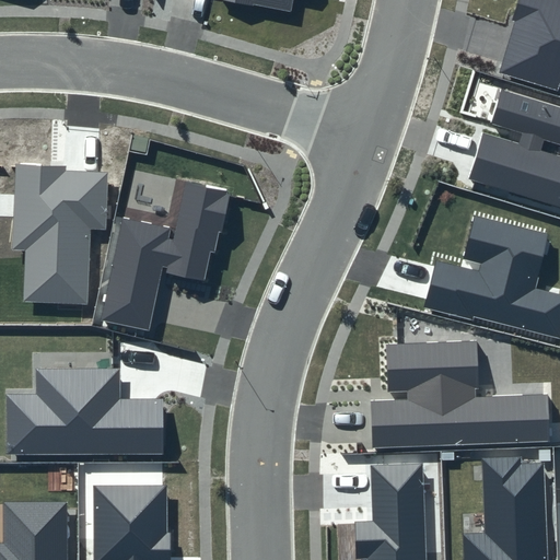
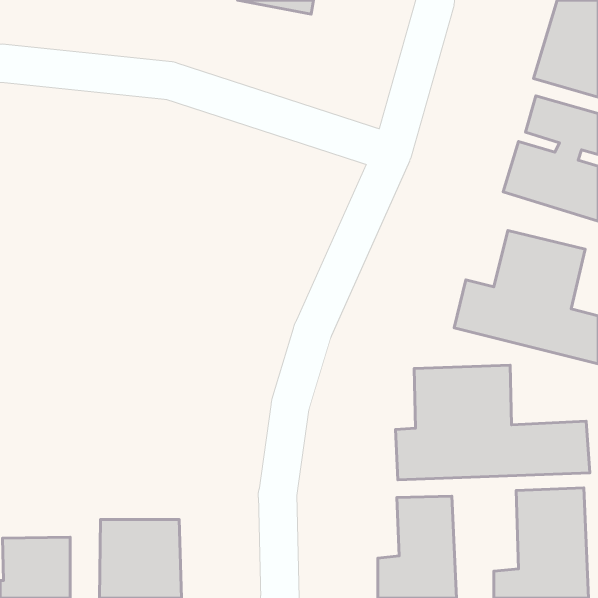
building: [13,164,108,304] -> none
building: [100,183,229,331] -> none
building: [5,368,164,455] -> none

